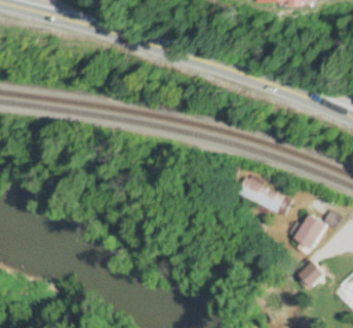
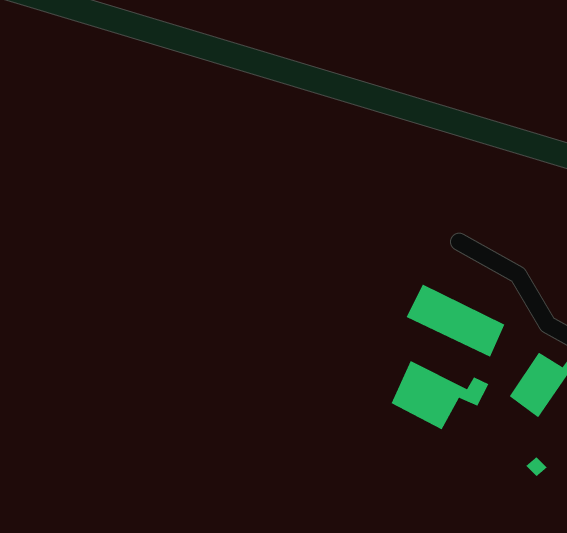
building: none -> [391,360,489,430]

